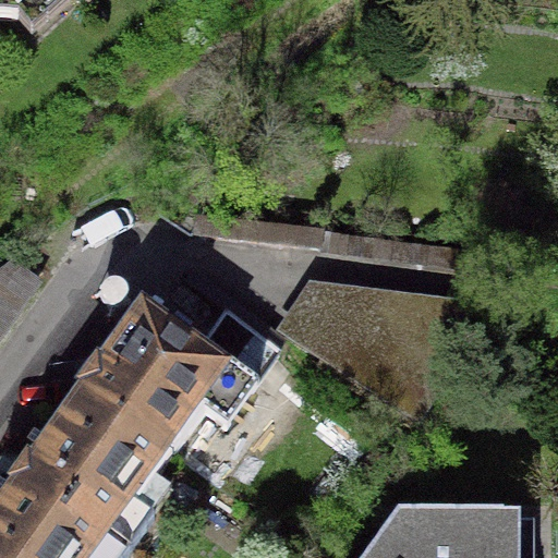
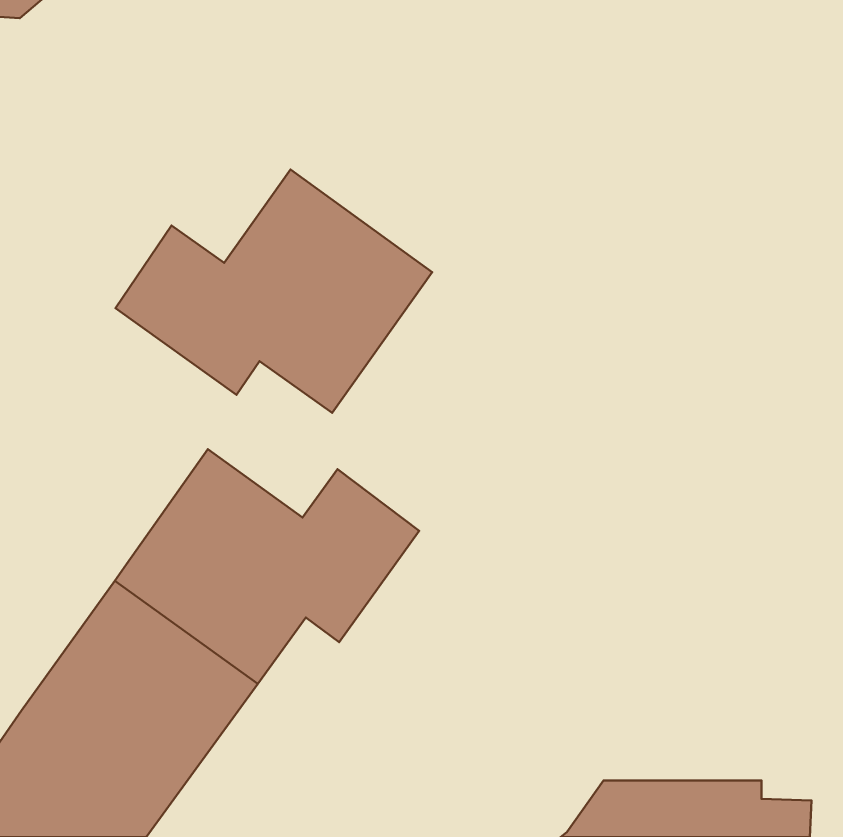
building: none -> [116,170,432,413]
building: [283,292,452,414] -> none

